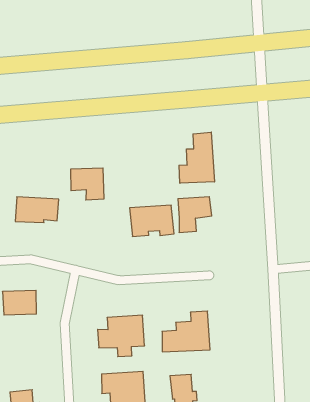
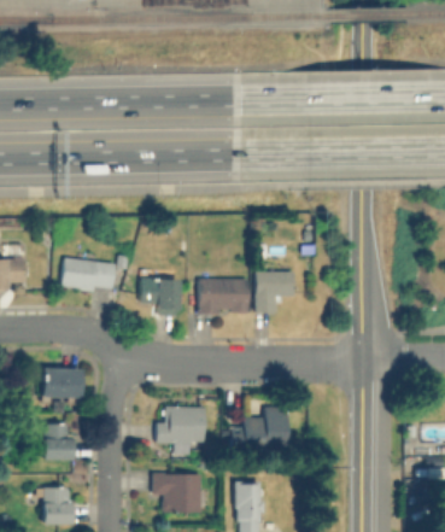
building: [179,132,214,183] -> none
building: [71,168,104,200] -> [141,277,181,315]
building: none -> [45,425,77,460]

